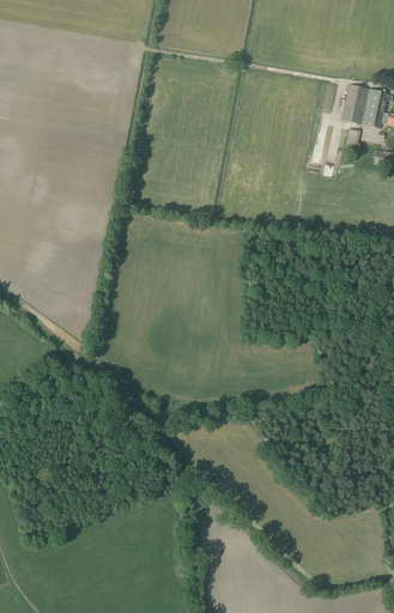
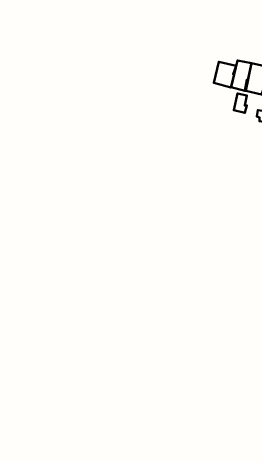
building: none -> [214,62,236,87]

